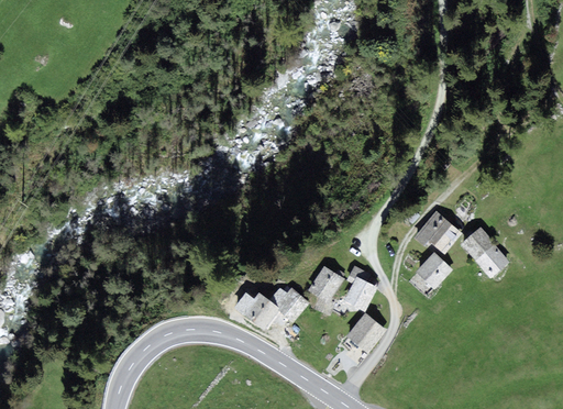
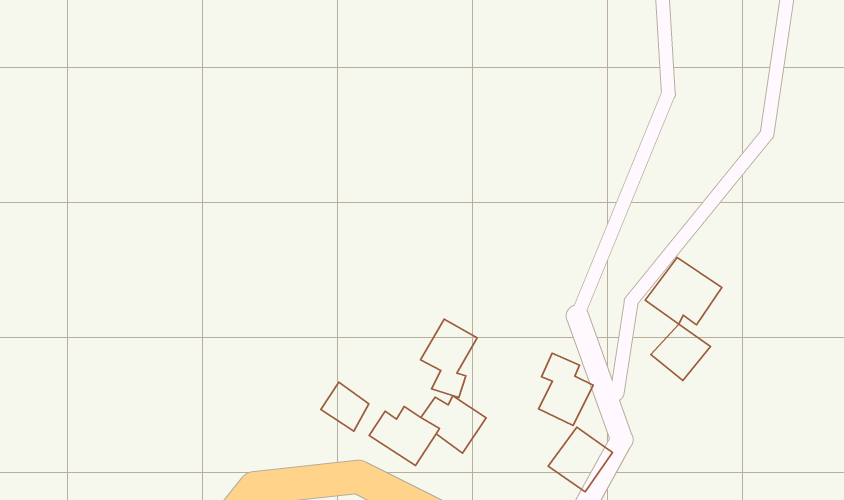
building: [460,226,509,278] -> none
building: [307,265,343,314] -> [421,319,477,398]
building: none -> [321,382,369,431]

